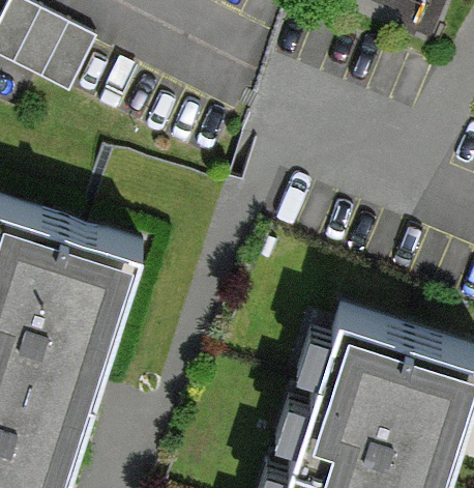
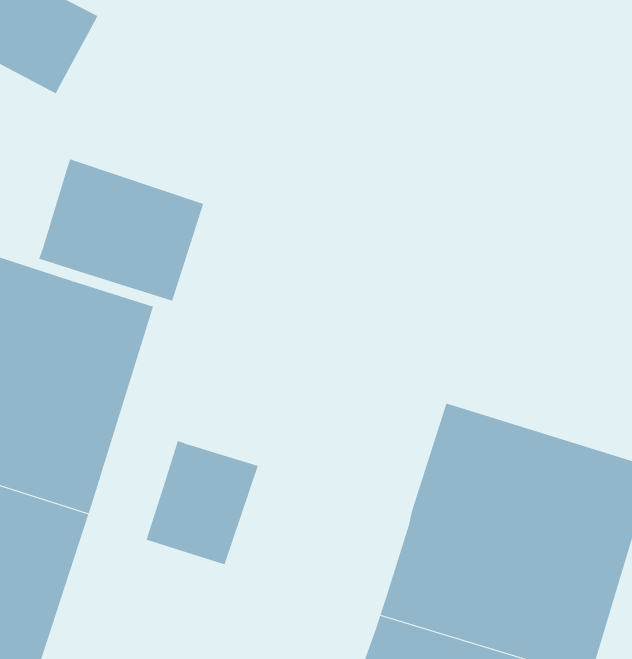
building: none -> [38,158,204,302]
building: none -> [146,440,259,565]

